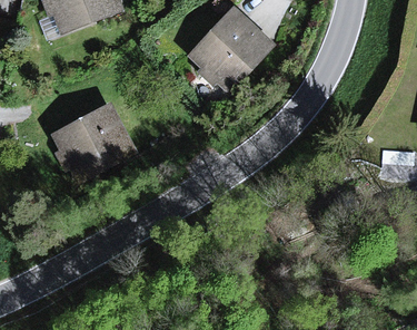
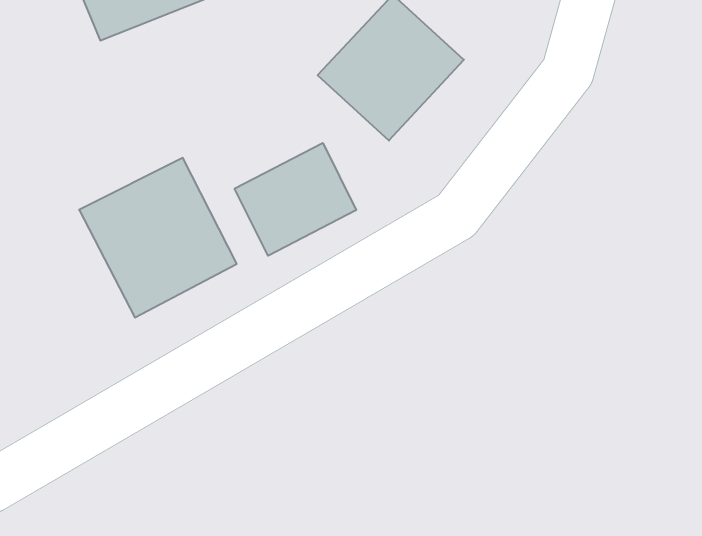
building: none -> [235,143,356,256]

